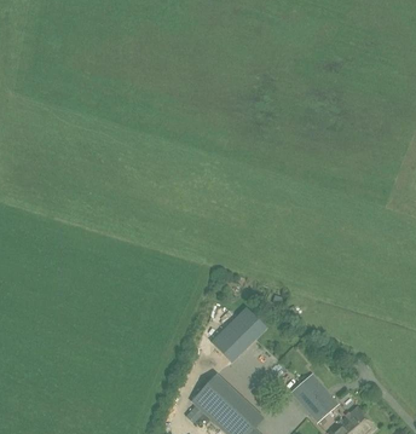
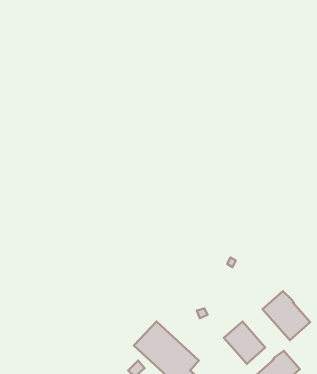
building: [212,307,266,361] -> none
building: none -> [262,291,310,340]

